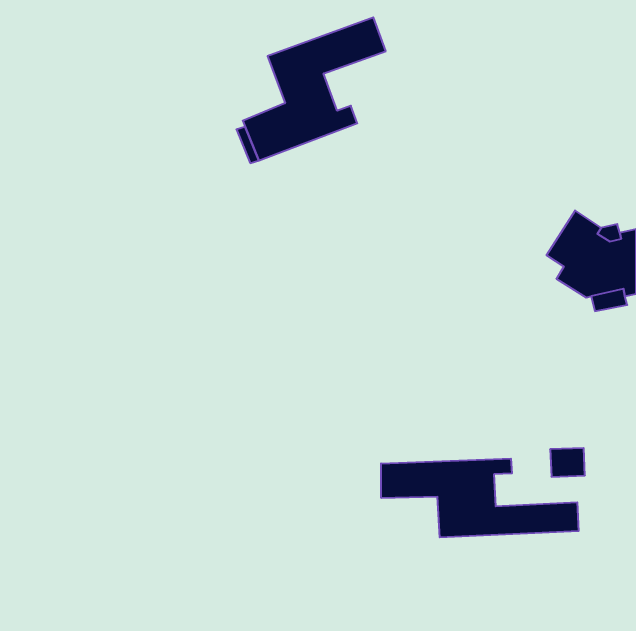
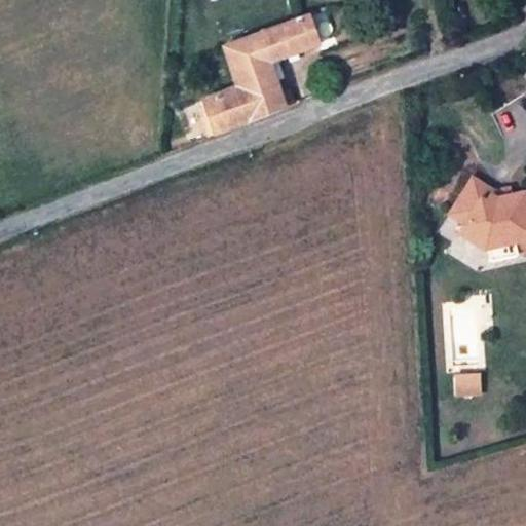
building: [381,459,579,537] -> none

